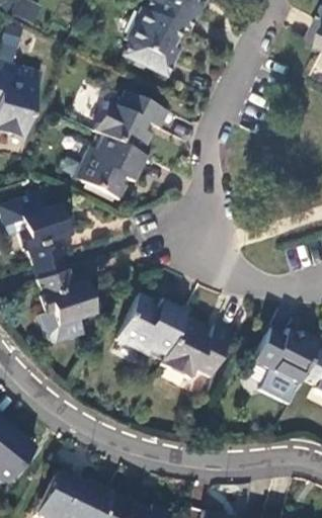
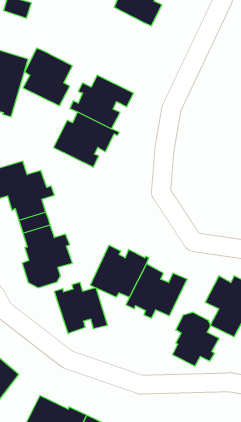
building: [120,7,179,76] -> [23,48,72,106]
building: none -> [55,282,108,334]
building: none -> [173,312,219,366]

